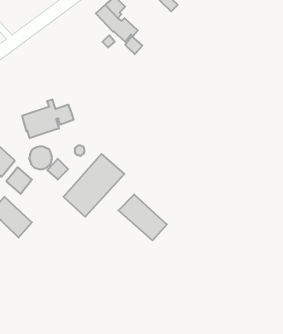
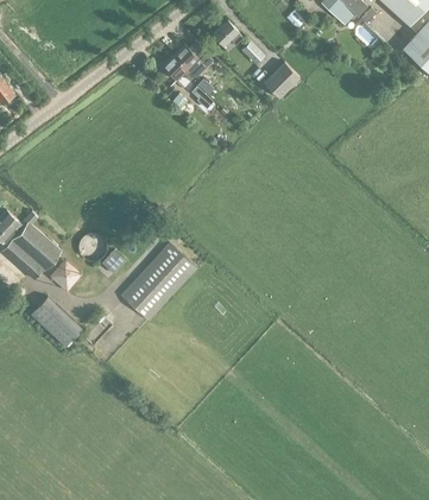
building: none -> [264,63,299,99]
building: [22,99,73,138] -> none
building: [118,194,167,240] -> none

